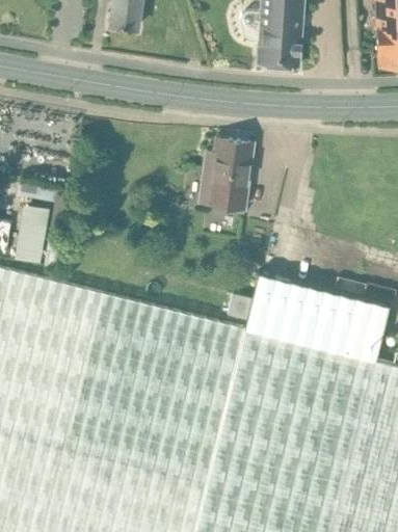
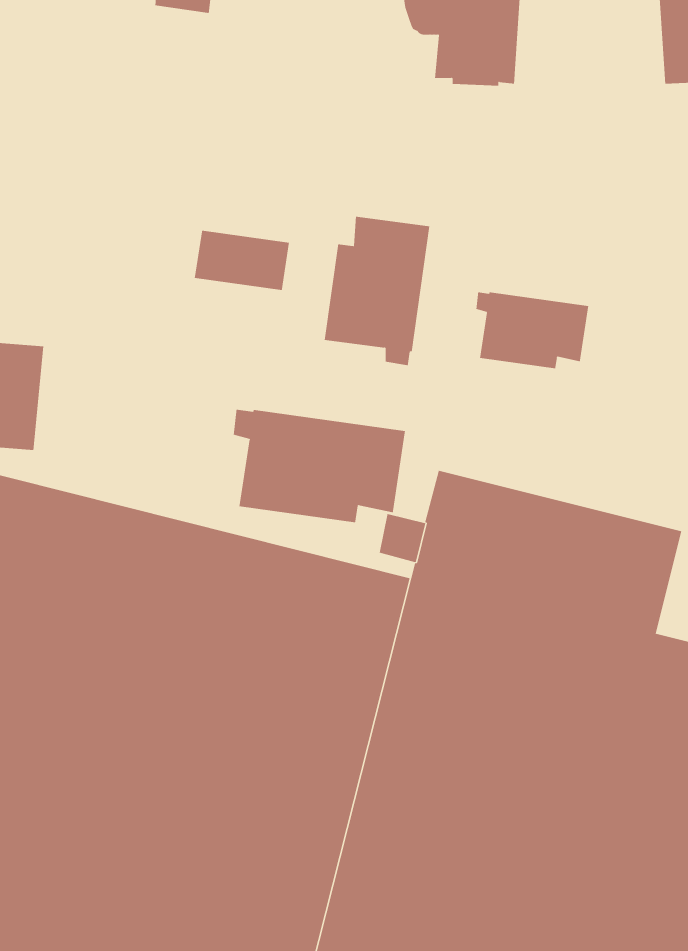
building: none -> [194,230,290,291]
building: none -> [476,292,589,369]
building: none -> [233,409,406,523]

